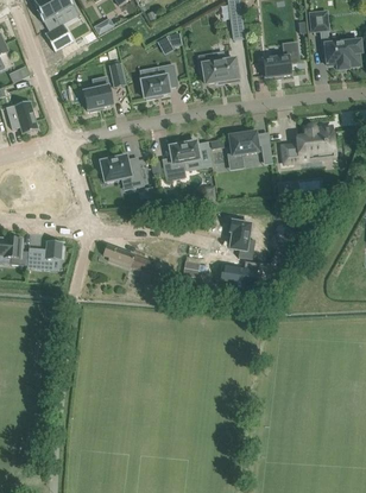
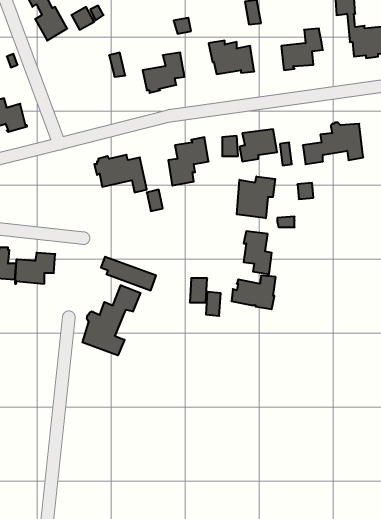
building: [83,84,113,110] -> none
building: none -> [237,176,275,218]
building: none -> [82,285,141,355]

